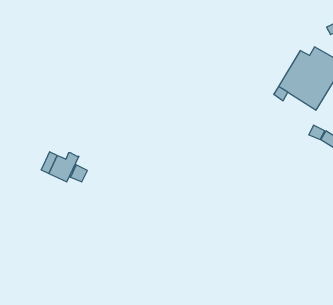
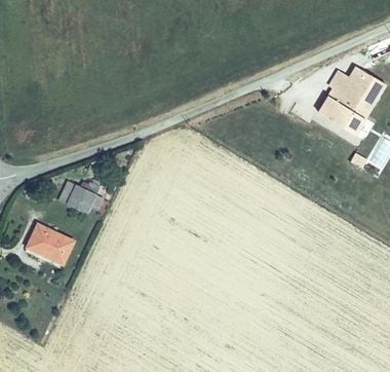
building: none -> [26,223,72,262]

